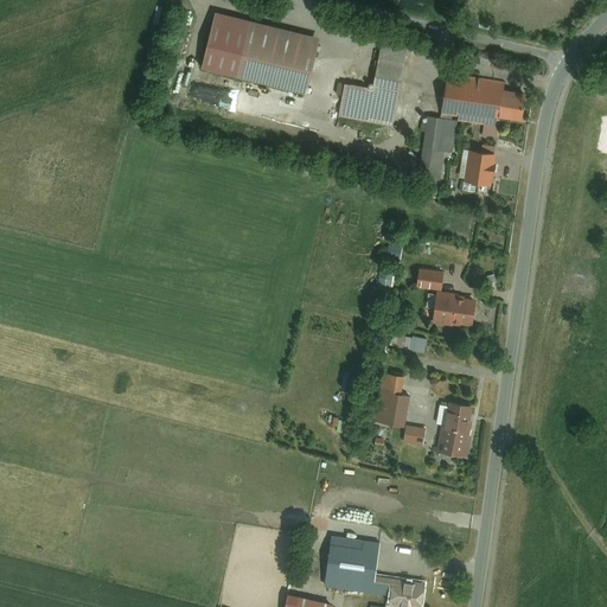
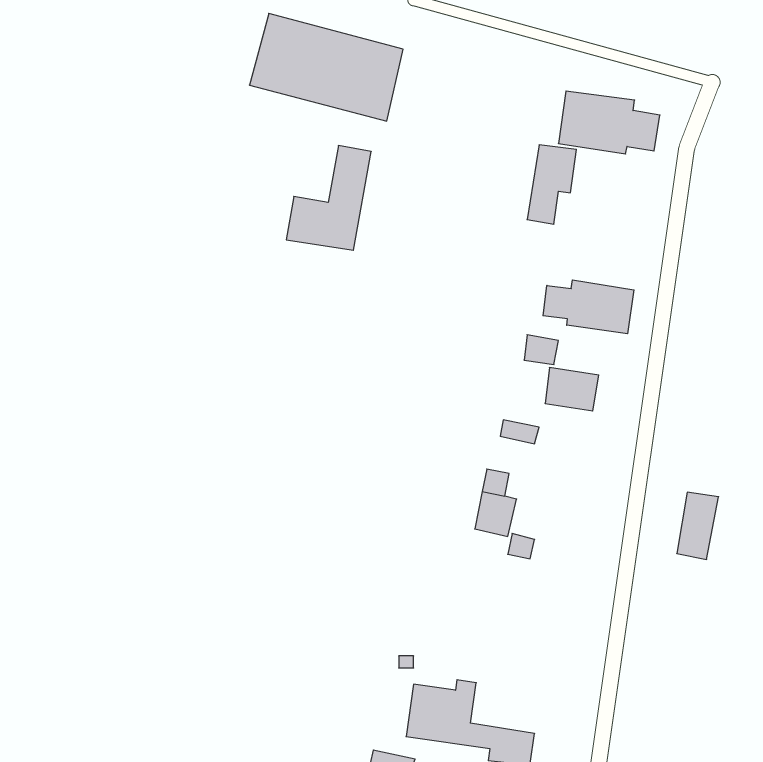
building: [338,41,405,124] -> [286,146,371,250]
building: [465,148,494,185] -> none
building: none -> [543,280,634,334]
building: [440,402,473,455] -> [677,492,719,559]

